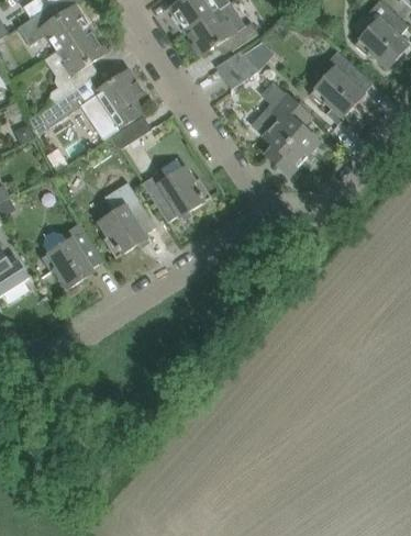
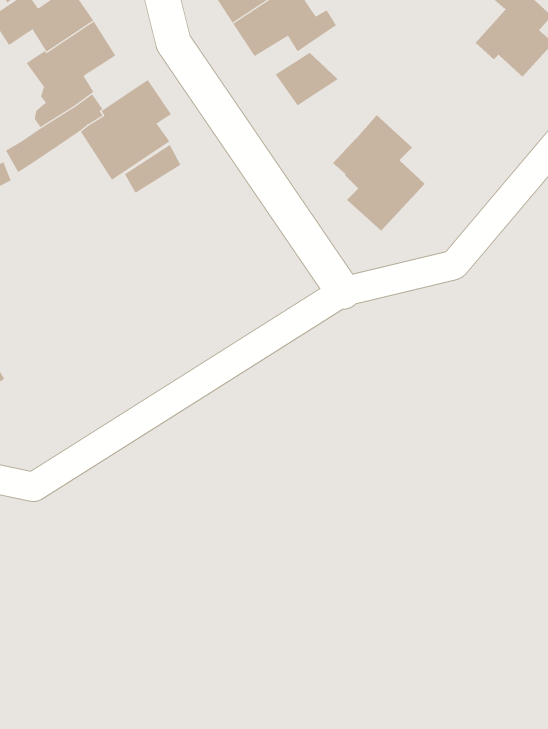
building: [310,49,373,118] -> none
building: [142,166,211,222] -> none
building: [98,181,156,253] -> none
building: [41,223,102,288] -> none

